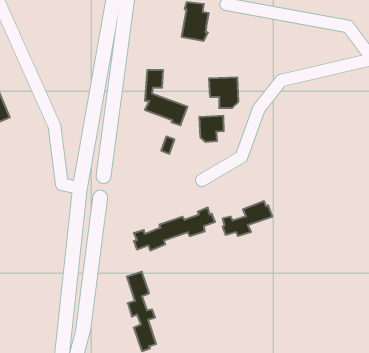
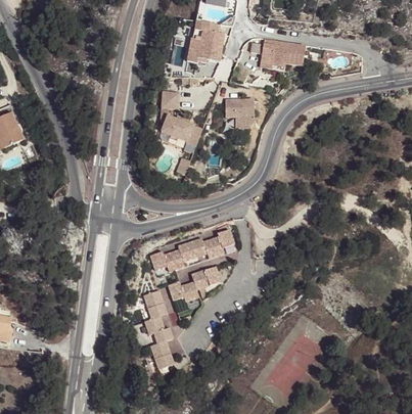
building: none -> [250,39,306,67]
building: [200,116,224,142] -> none
building: [223,201,272,236] -> [168,267,218,302]

